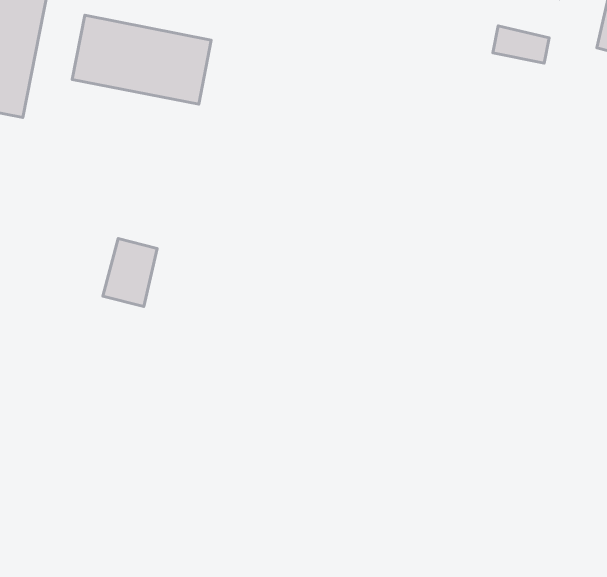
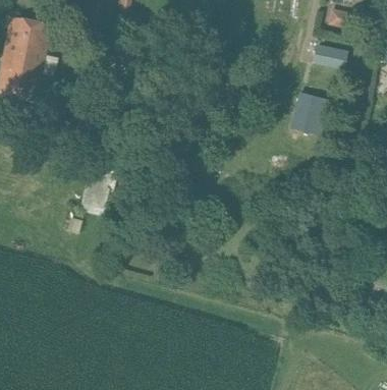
building: [72,15,211,104] -> none
building: none -> [291,92,334,136]

